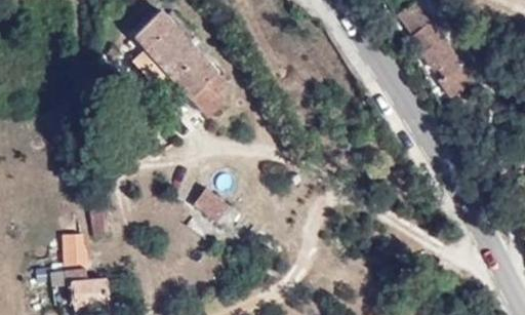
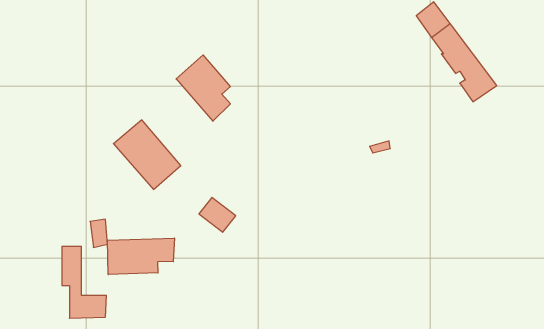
building: [134,10,198,76] -> [113,120,181,189]
building: none -> [107,238,174,275]

